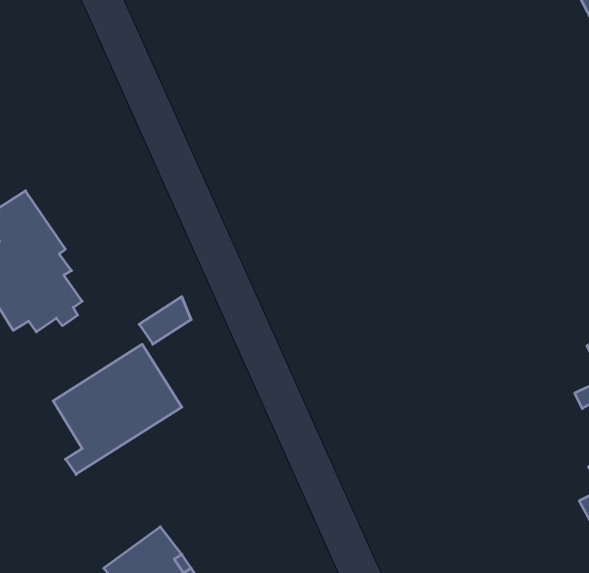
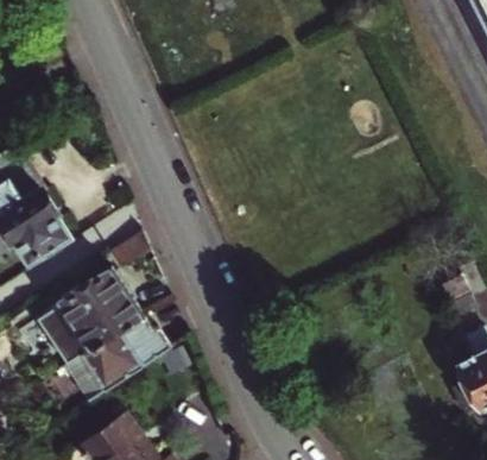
building: none -> [64,319,172,405]

